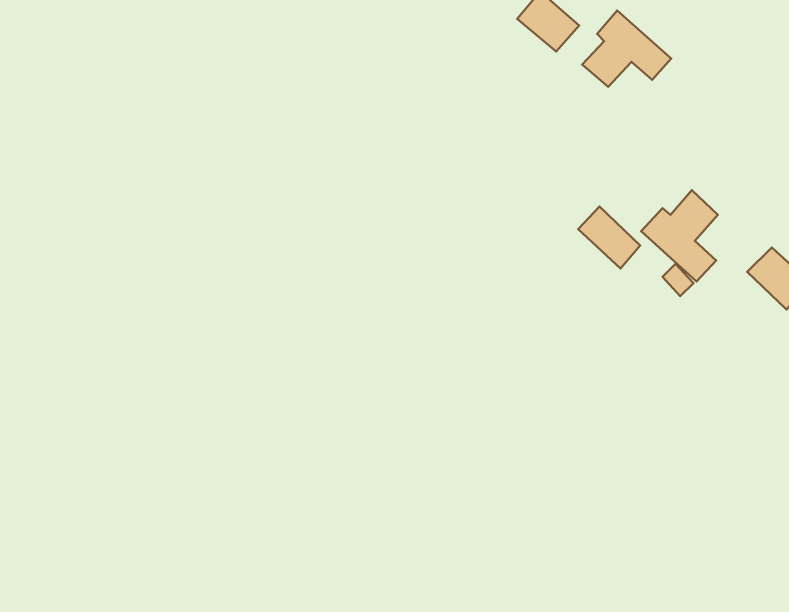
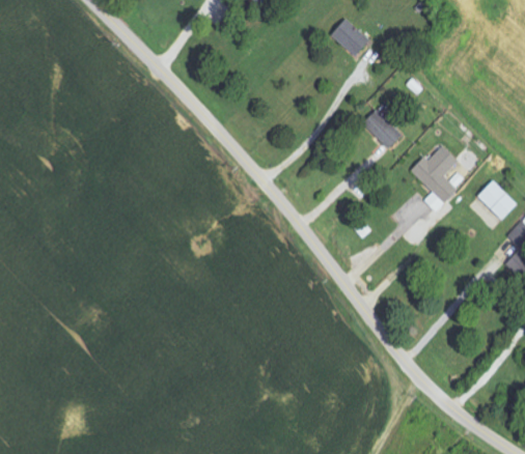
building: [582,11,671,87] -> none
building: [578,206,640,268] -> [361,109,400,148]

